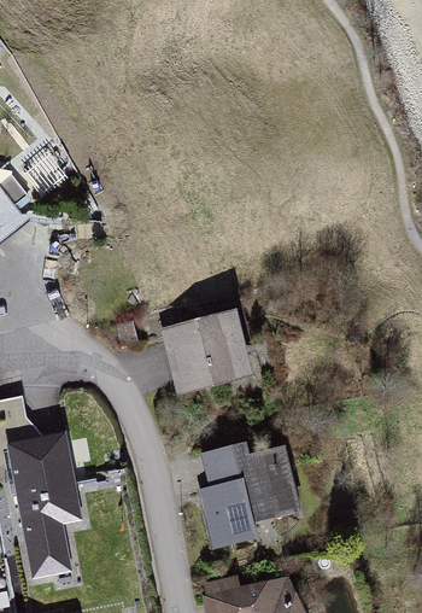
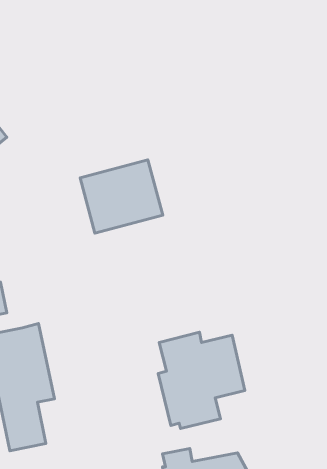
building: [160,311,254,395] -> [80,160,163,233]

